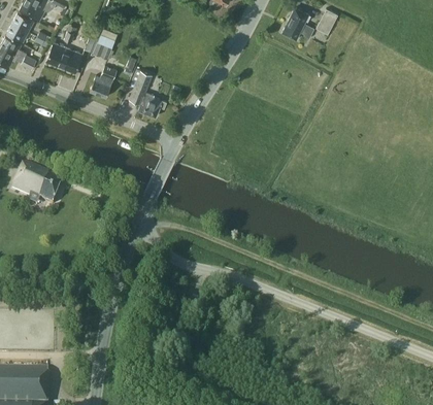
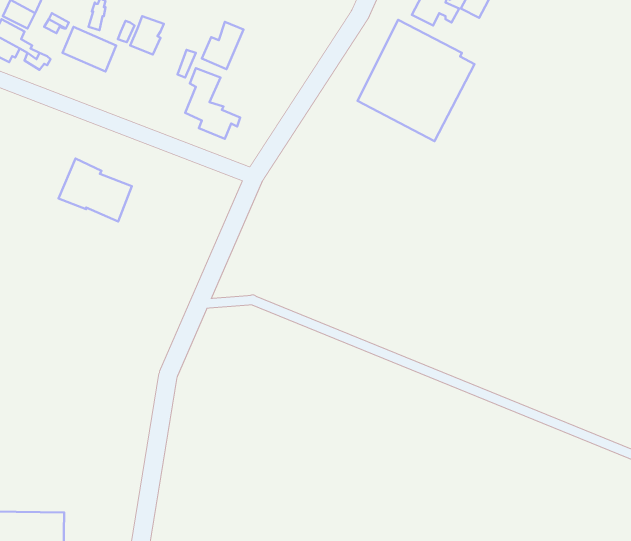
building: none -> [357,20,475,141]
building: [89,64,116,96] -> [202,22,243,69]
building: [12,162,62,204] -> [58,159,132,221]

